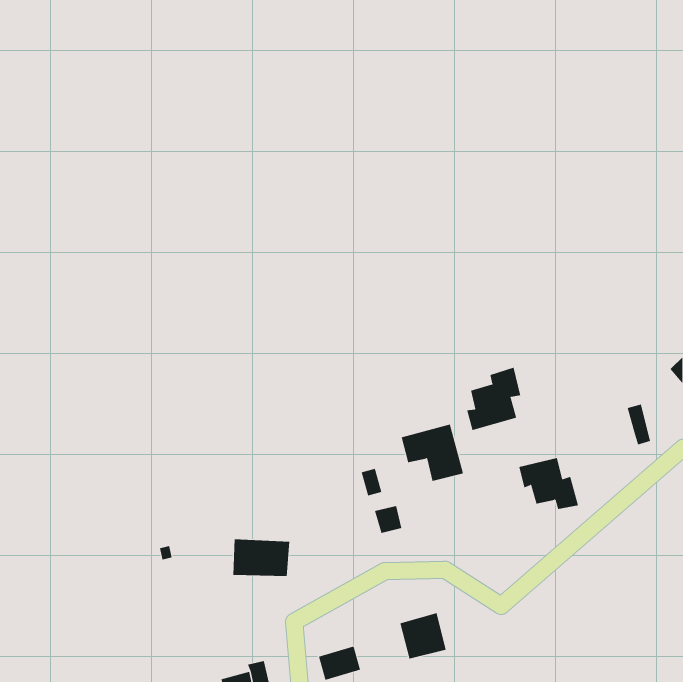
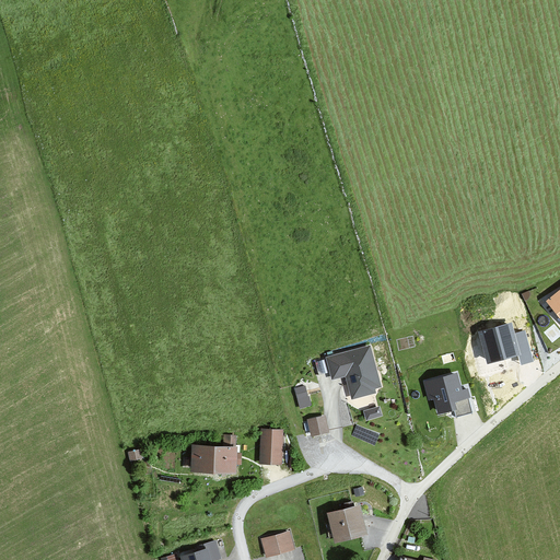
building: [467,367,521,431] -> none
building: none -> [481,325,518,362]
building: none -> [259,428,283,463]

